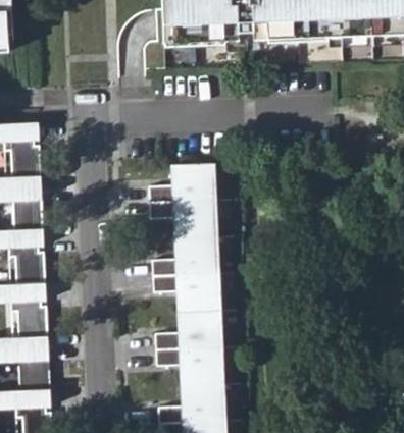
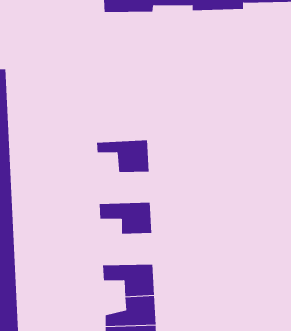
building: [147,163,208,204] -> none
building: [149,238,211,276] -> none
building: [153,311,214,348] -> none

